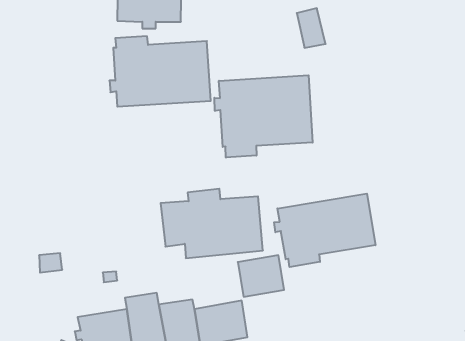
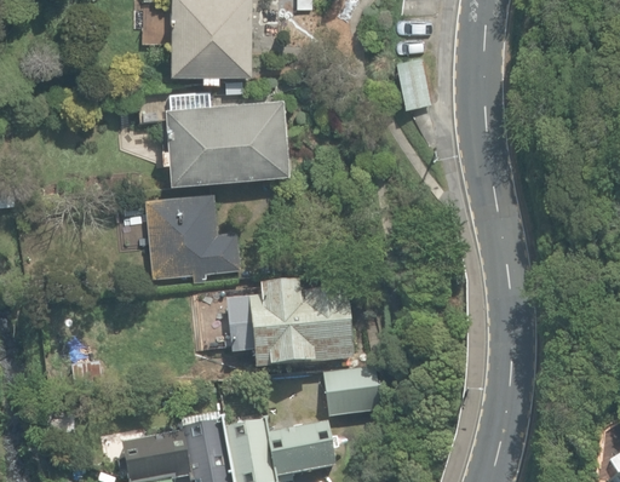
building: [214,75,313,158] -> none
building: none -> [145,194,241,282]
building: [274,194,375,267] -> none

